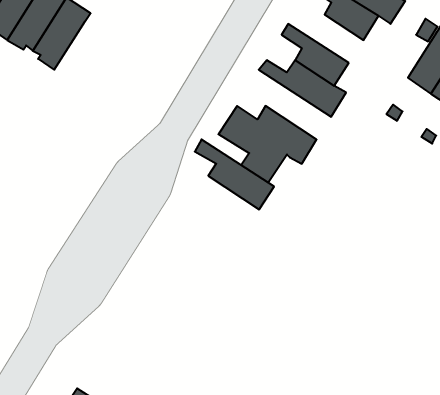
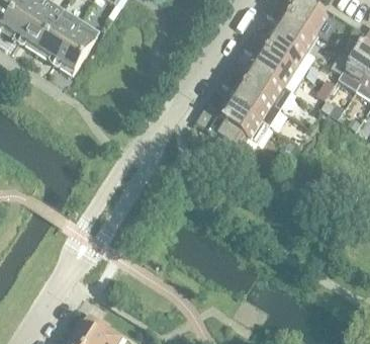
building: none -> [248,32,304,70]
building: [195,139,274,209] -> [220,75,280,127]

